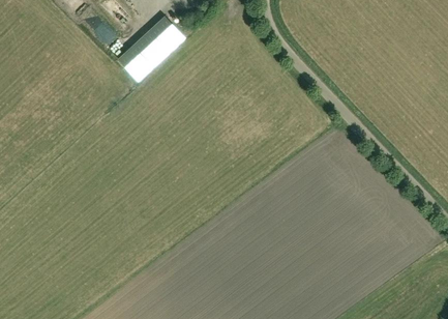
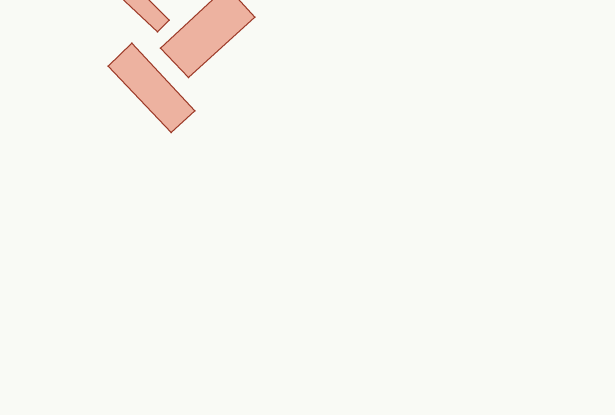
building: none -> [108,43,195,132]

